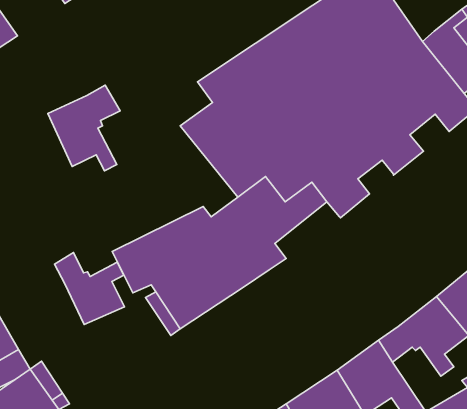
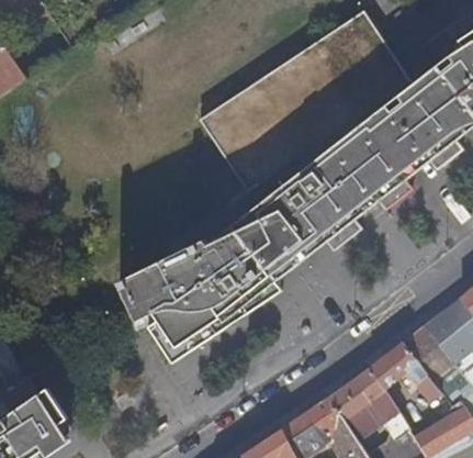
building: [48,85,120,171] -> none
building: [54,252,124,324] -> none

